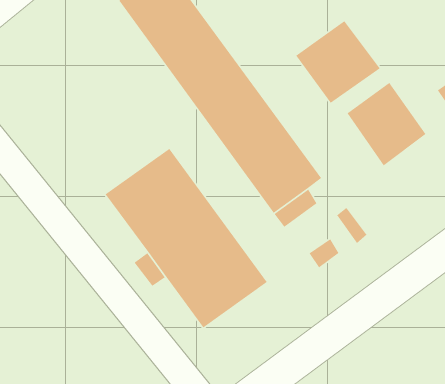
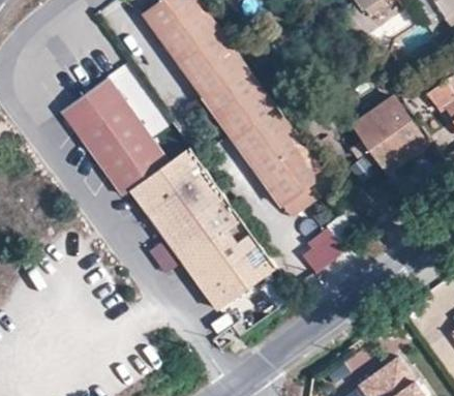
building: [295,20,381,104] -> none
building: none -> [60,79,165,193]

